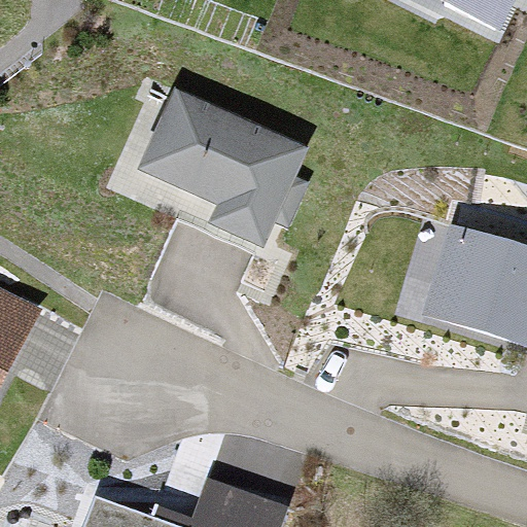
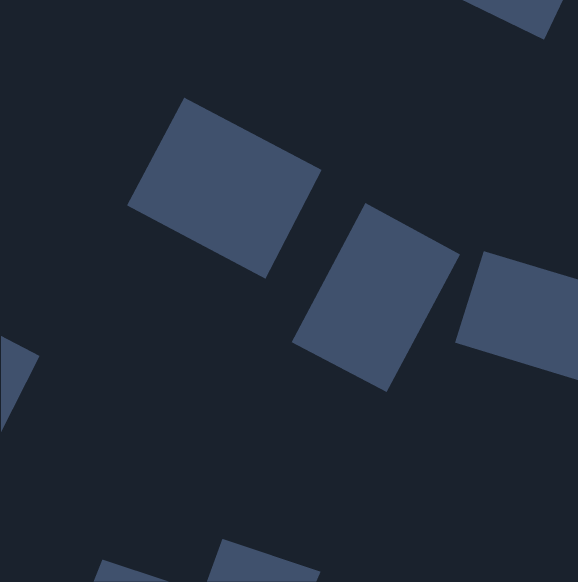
building: none -> [291,202,461,393]

